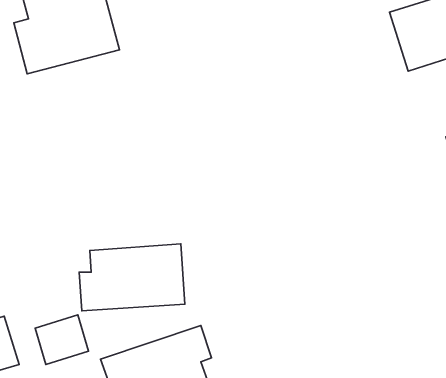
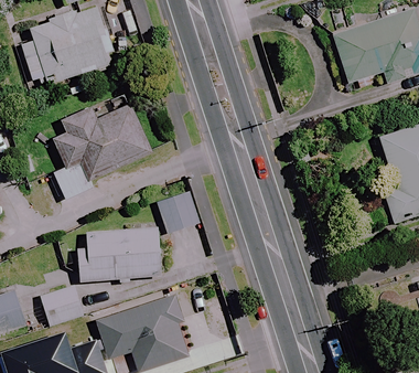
building: none -> [53,102,151,199]
building: none -> [155,189,200,233]

